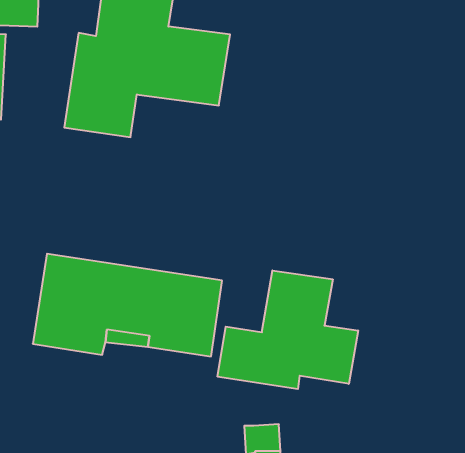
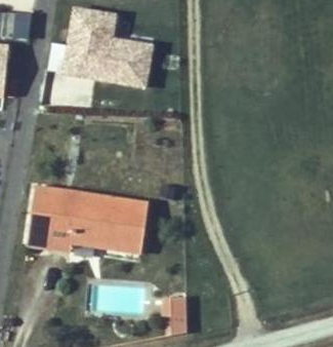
building: [218,270,358,389] -> none

